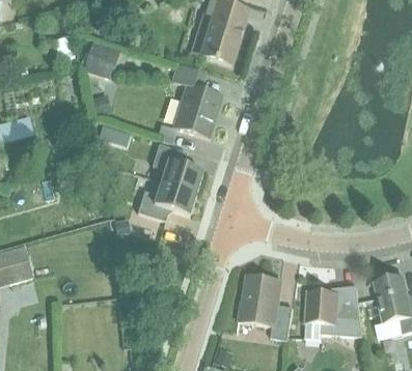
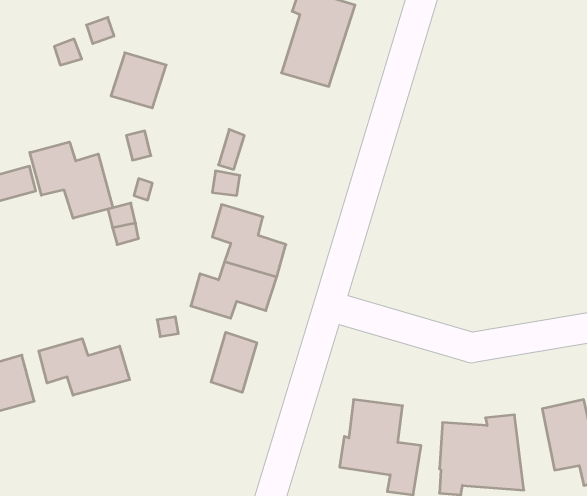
building: [171,62,221,138] -> none
building: none -> [30,142,113,218]
building: none -> [211,332,257,392]
building: none -> [39,339,130,395]

